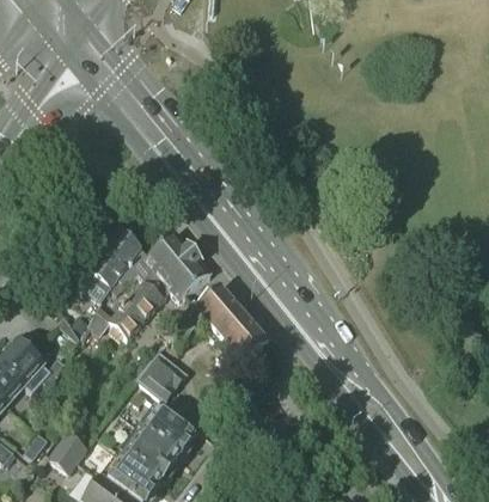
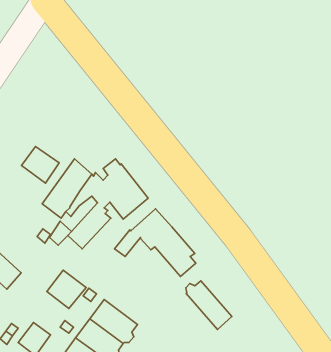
building: none -> [22,147,59,183]
building: [139,353,188,400] -> [47,270,86,309]
building: none -> [186,281,232,329]

